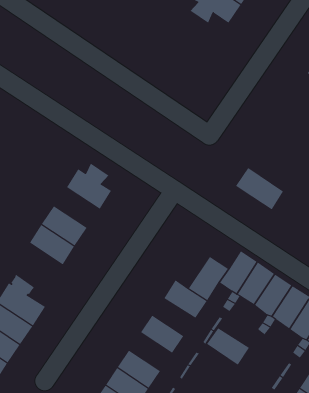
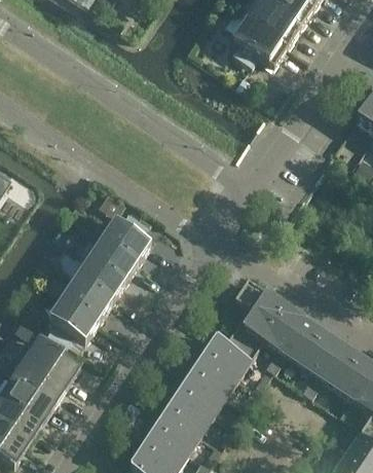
building: [235,167,284,210] -> [234,279,286,324]
building: none -> [88,238,138,281]
building: none -> [48,296,99,343]
building: [206,327,250,365] -> [192,355,238,395]
building: none -> [167,391,214,432]

